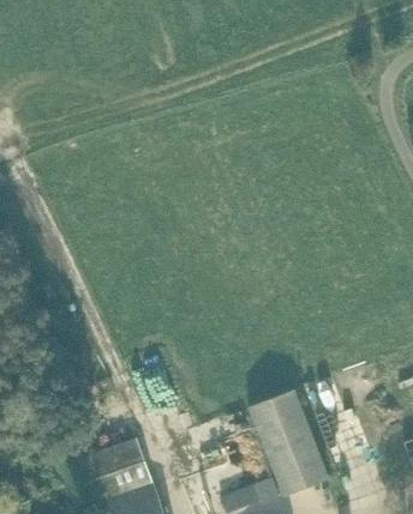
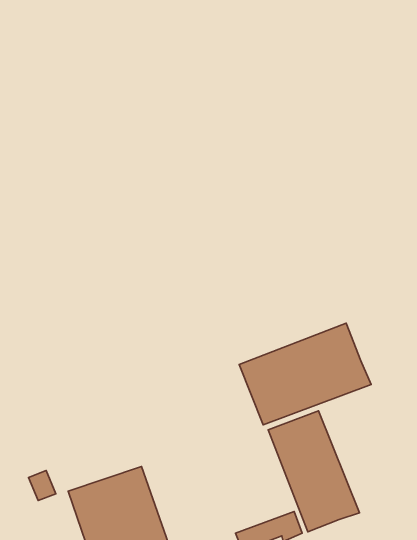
building: none -> [239,323,371,425]

